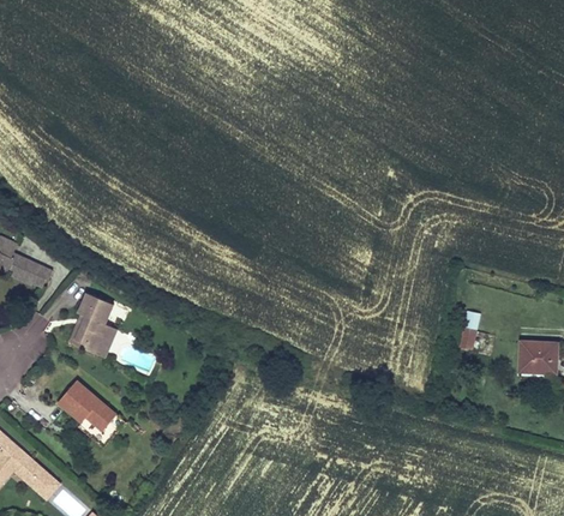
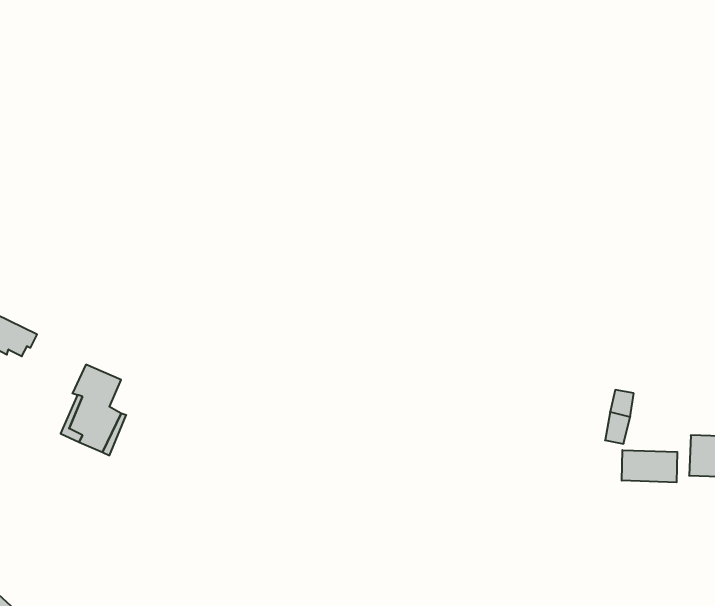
building: none -> [622,450,677,482]
building: [58,380,116,431] -> none

